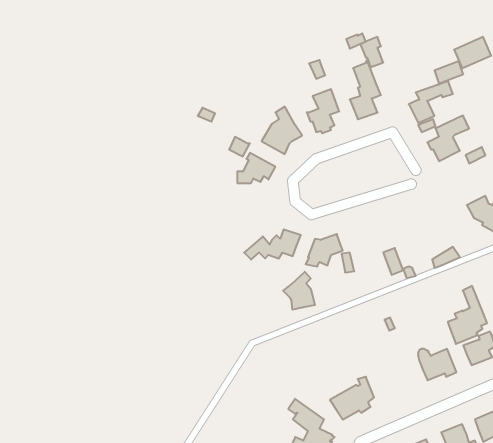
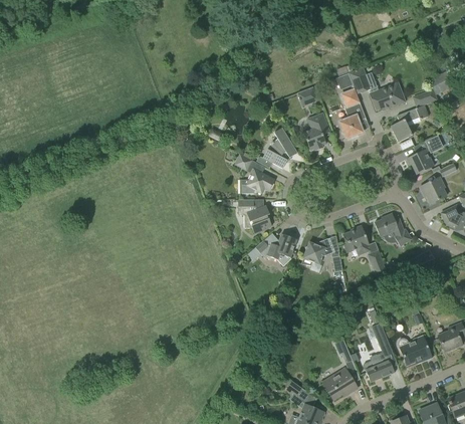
building: none -> [369,84,405,110]
building: none -> [419,176,446,203]
building: none -> [237,199,271,233]
building: none -> [374,212,411,245]
building: none -> [342,224,370,252]
building: [283,272,315,310] -> none
building: [448,286,487,344] -> [363,332,397,382]

